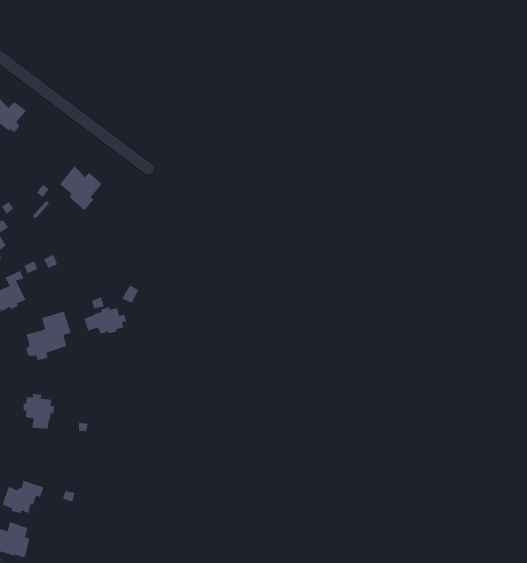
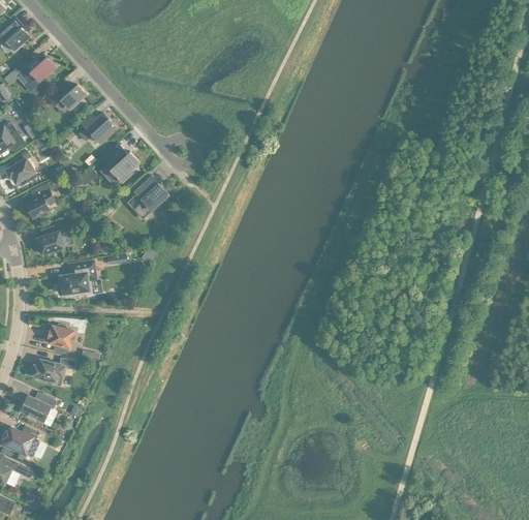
building: none -> [79,113,116,144]
building: none -> [126,180,164,213]
building: [84,306,127,334] -> none
building: none -> [32,358,74,383]

